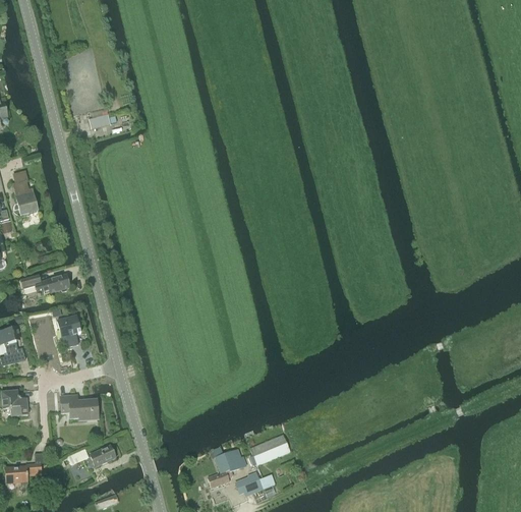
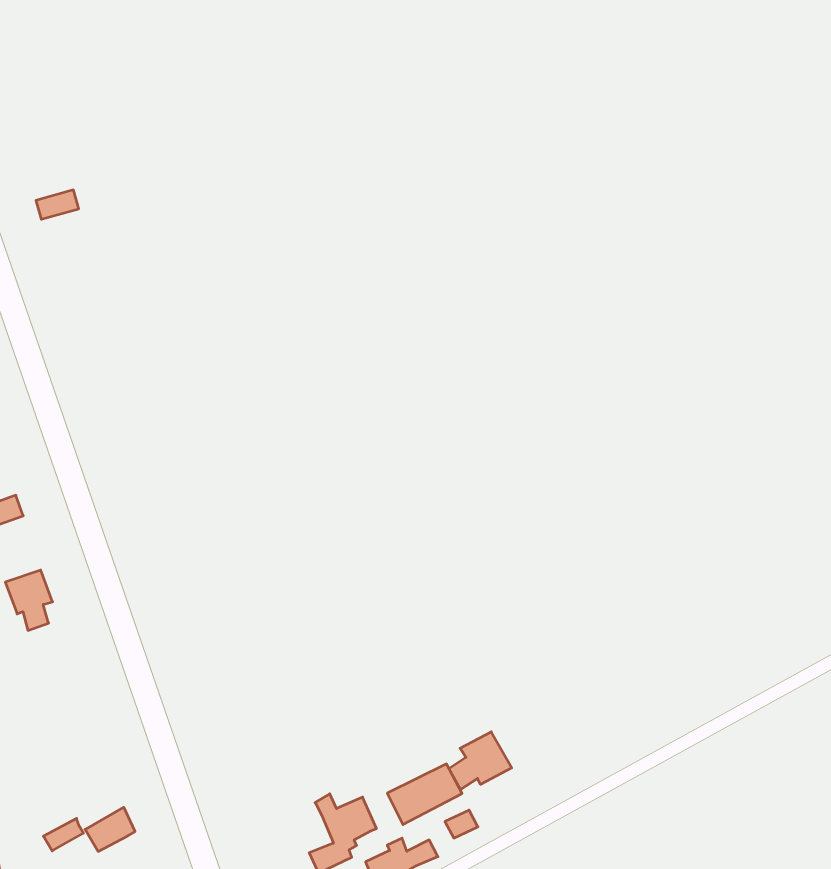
building: [60,394,98,417] -> none
building: none -> [449,732,512,790]

